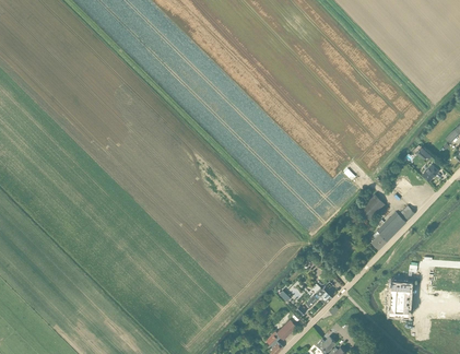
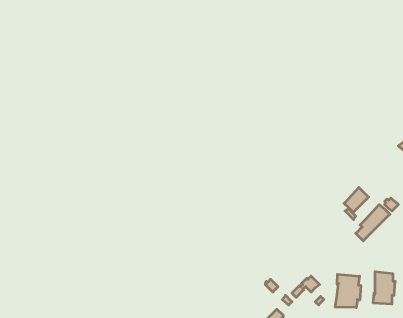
building: none -> [335,274,361,308]

